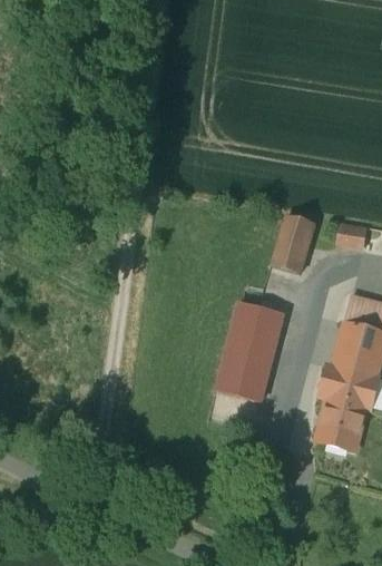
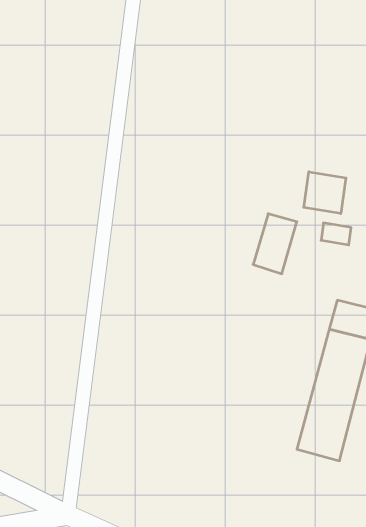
building: none -> [304,172,346,214]
building: [215,300,282,400] -> none

